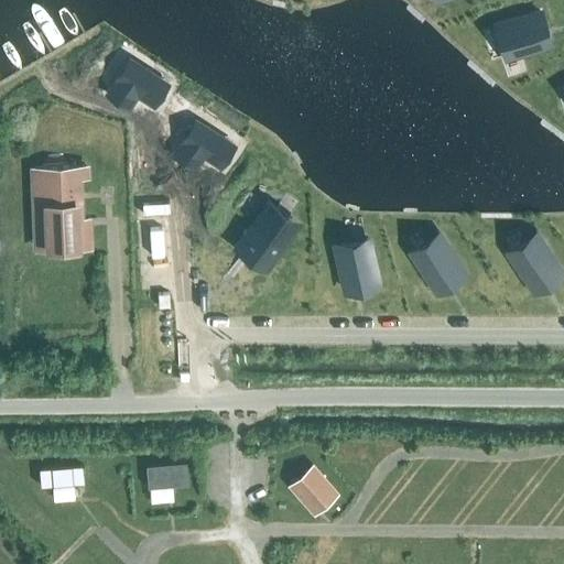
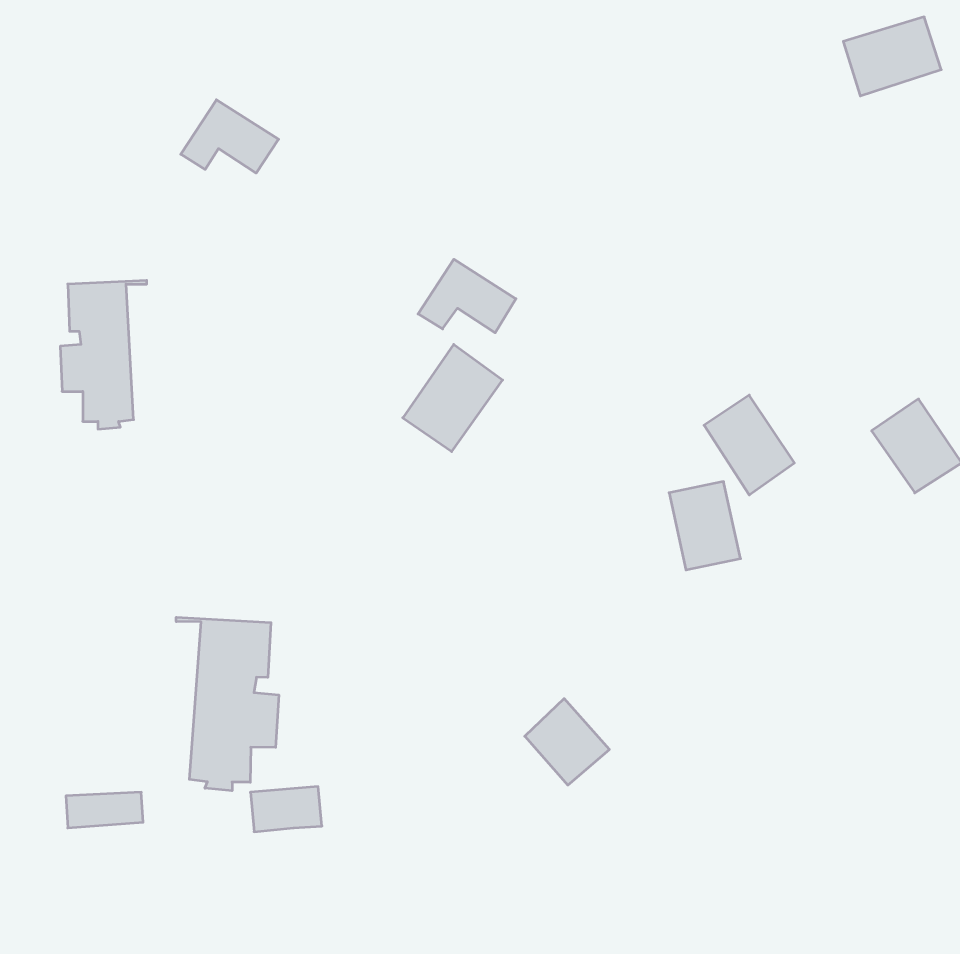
building: [174,126,231,169] -> [418,259,516,333]
building: [337,241,379,293] -> [669,482,741,570]
building: none -> [176,617,279,791]
building: [289,469,338,520] -> [525,699,609,785]

